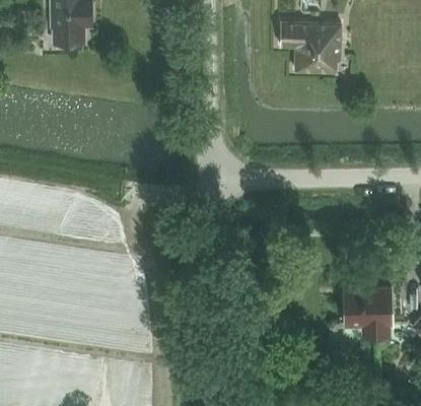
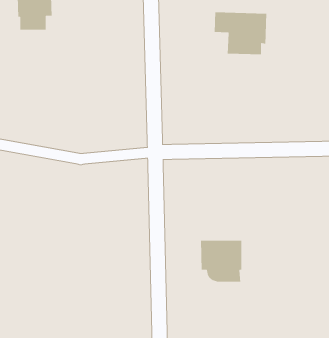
building: [344,288,393,338] -> [200,240,242,283]

